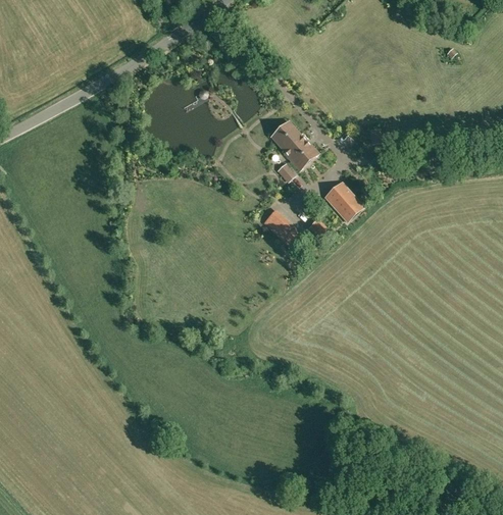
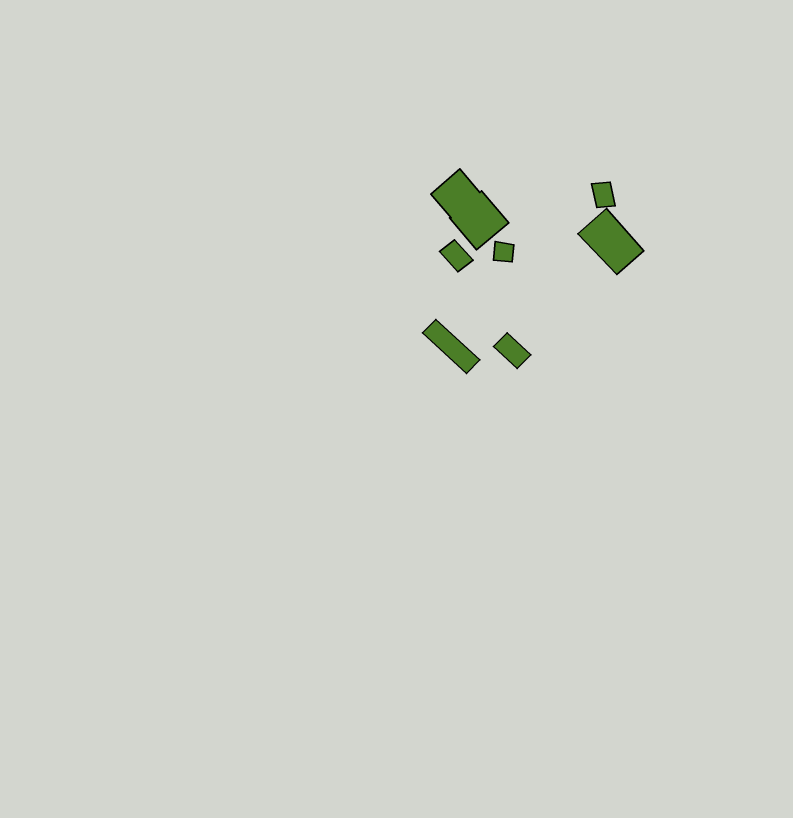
building: [323,181,363,220] -> [578,209,644,275]

